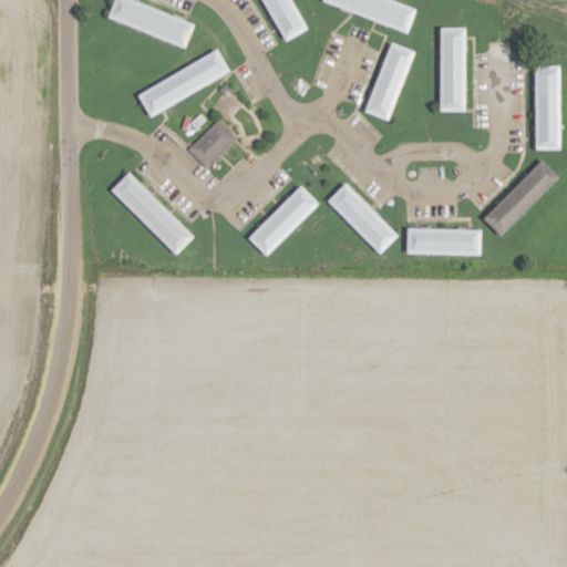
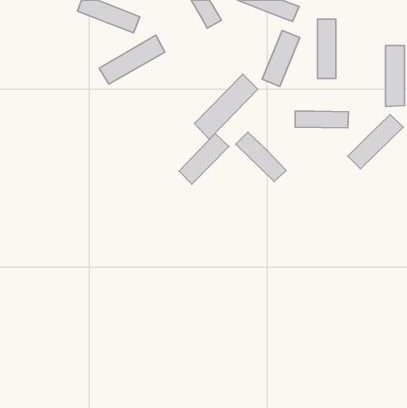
building: none -> [194,74,258,139]
building: [186,121,234,168] -> none
building: [110,172,194,256] -> none
building: [408,230,482,254] -> [295,111,349,128]

